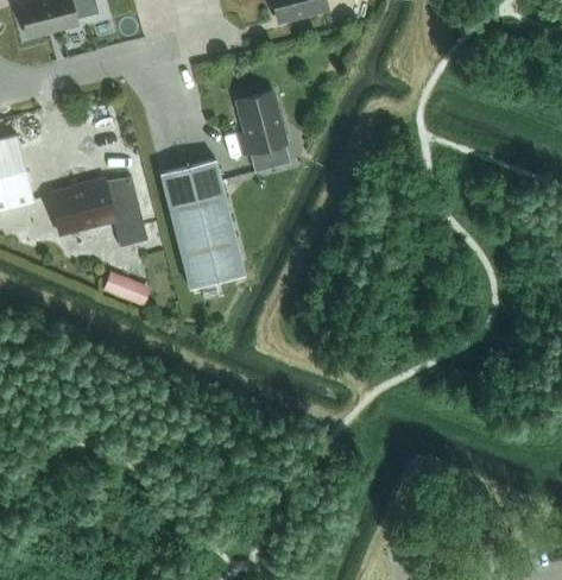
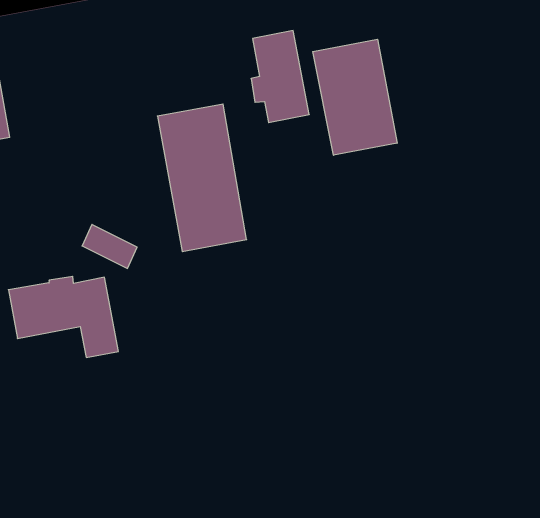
building: none -> [313,39,397,155]
building: [49,177,147,247] -> [8,276,118,357]

